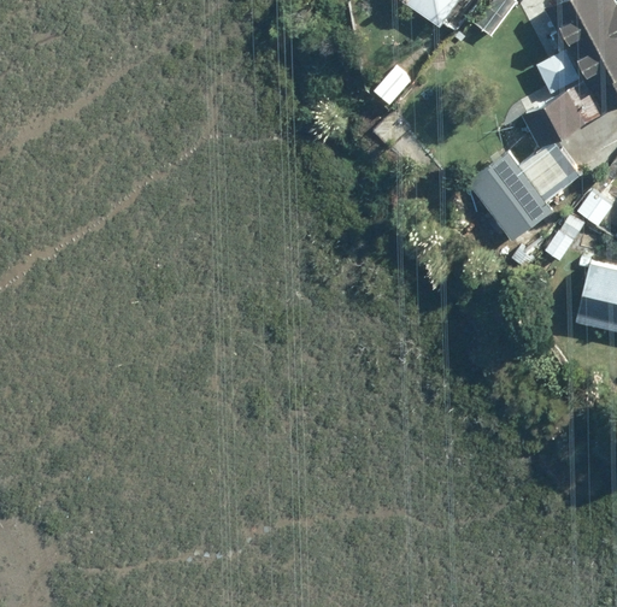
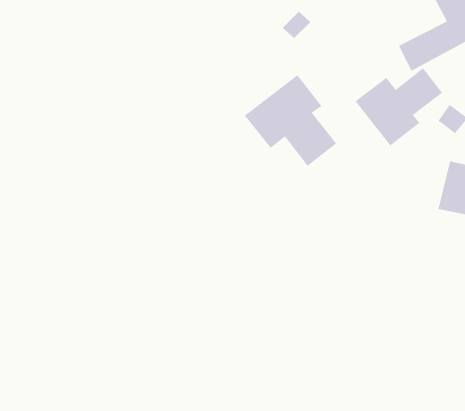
building: none -> [244,74,337,167]

